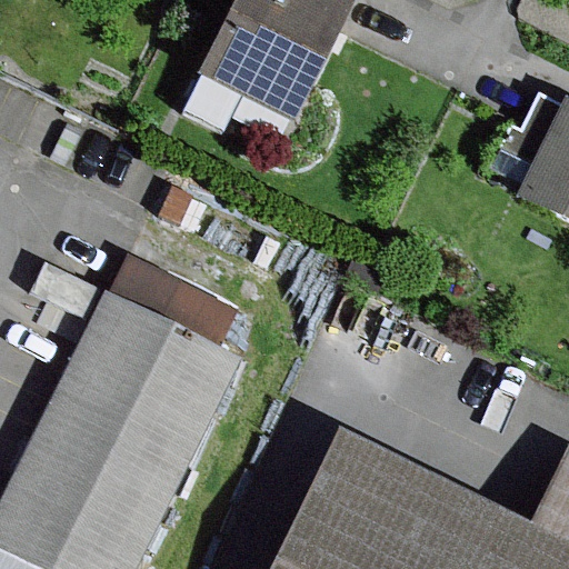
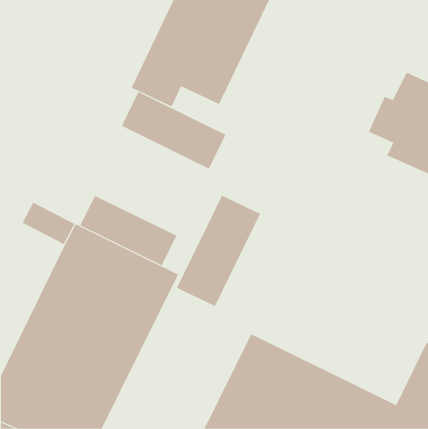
building: none -> [121,91,226,169]
building: none -> [176,195,261,307]

